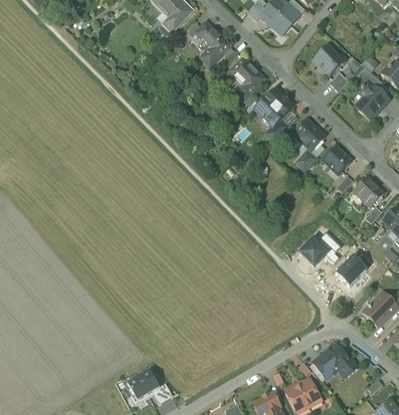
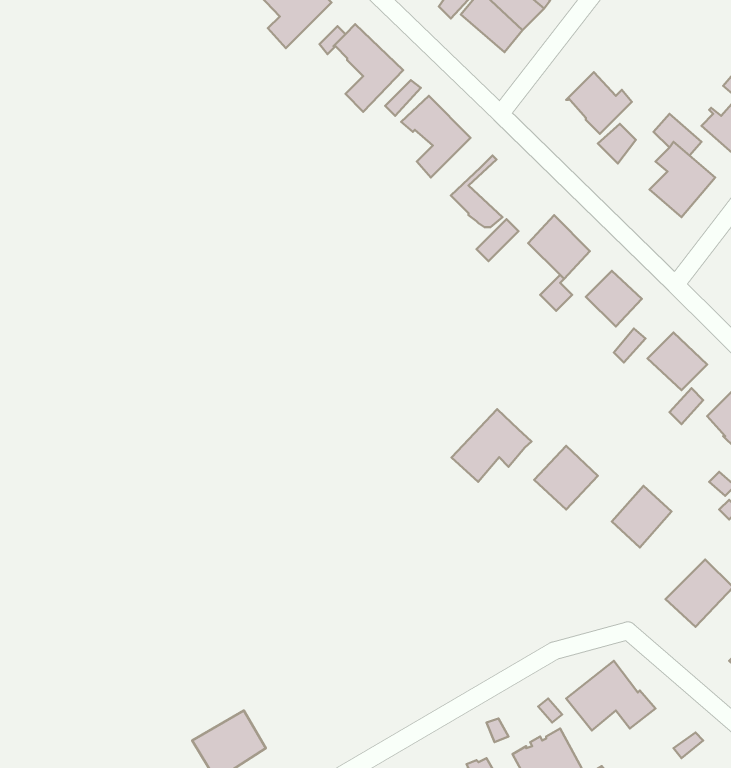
building: [263,90,293,120] -> none
building: none -> [451,409,532,482]

